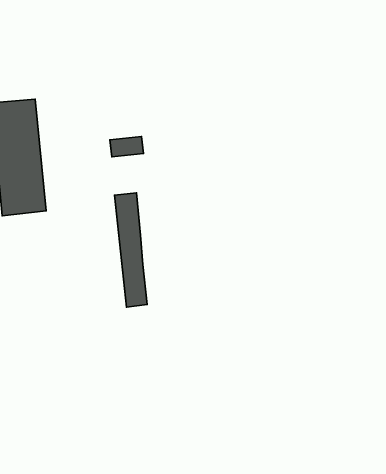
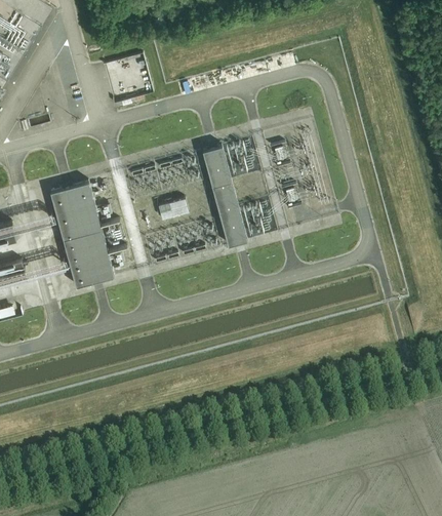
building: [114,193,147,307] -> [203,148,246,247]

